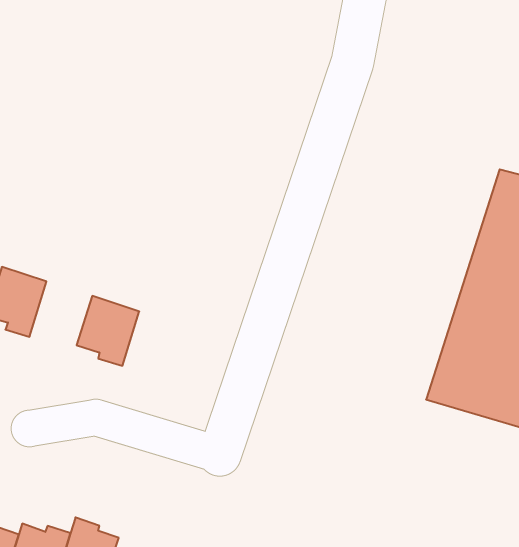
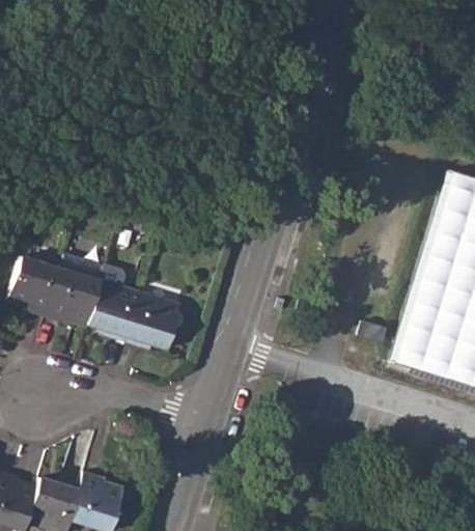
building: none -> [45,253,104,323]
building: none -> [124,294,179,348]

